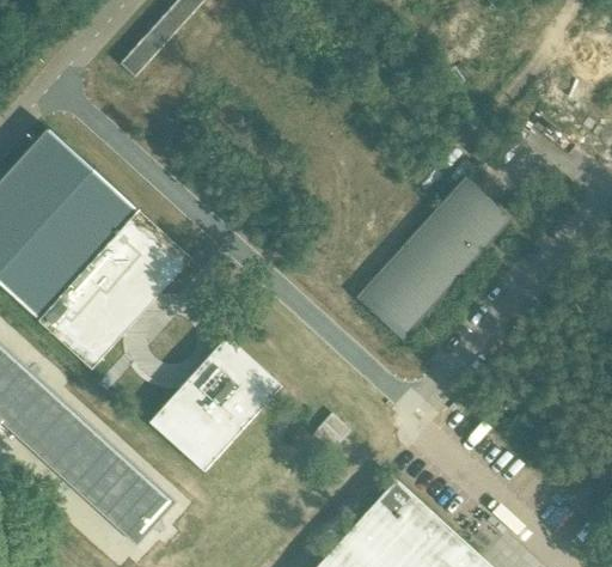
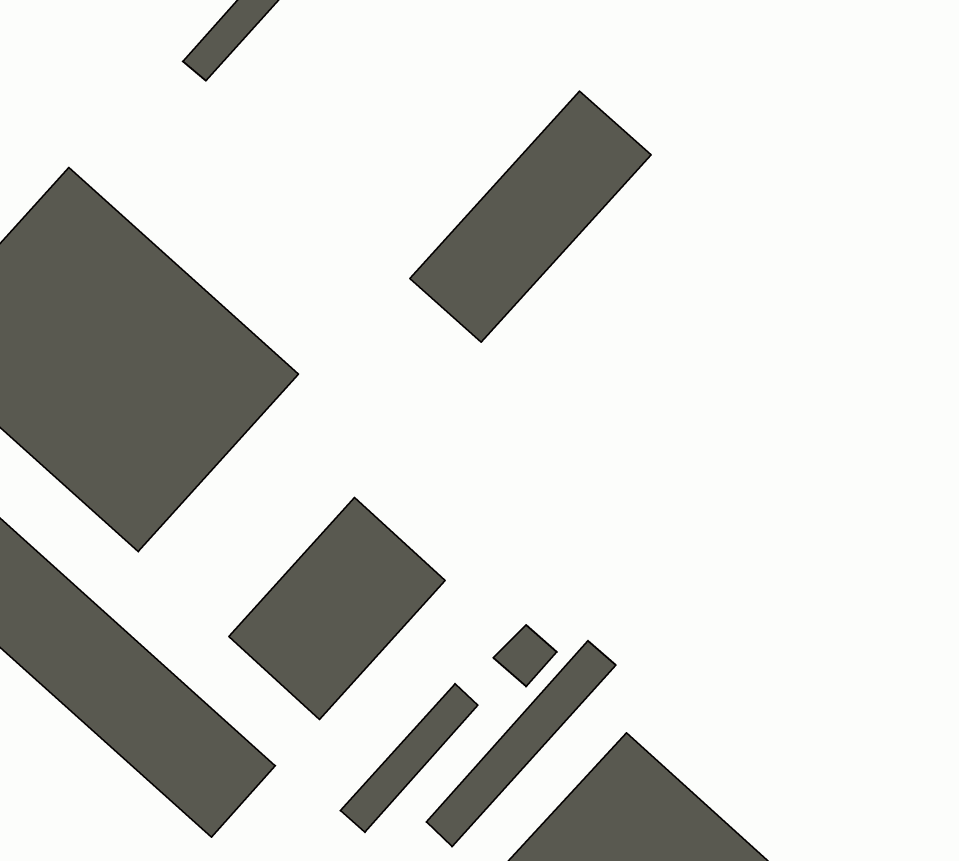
building: [353,181,502,336] -> [410,91,651,342]
building: none -> [426,641,616,847]
building: none -> [340,684,478,832]

